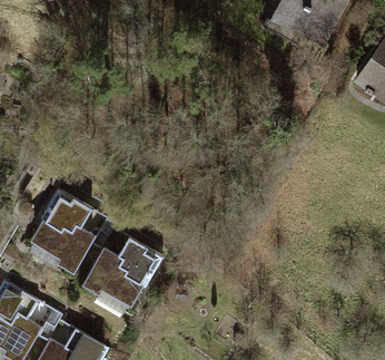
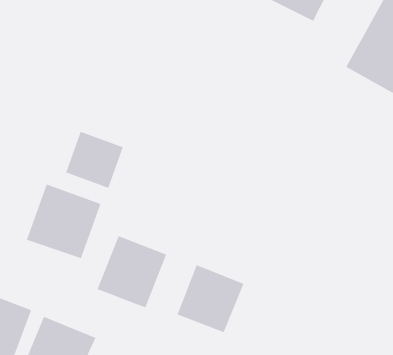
building: none -> [65,131,124,189]
building: none -> [177,264,245,333]

